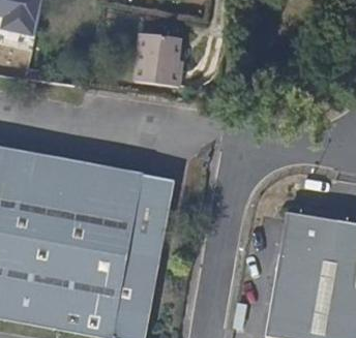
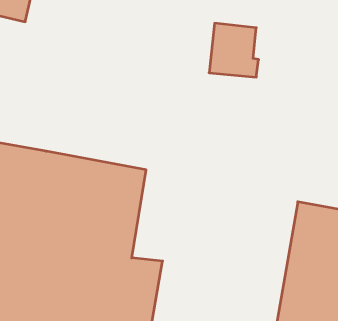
building: [135,34,181,85] -> [209,23,259,77]
building: [131,176,174,262] -> none

